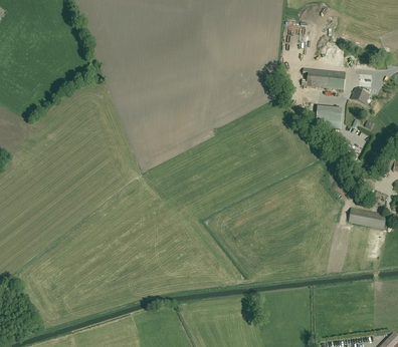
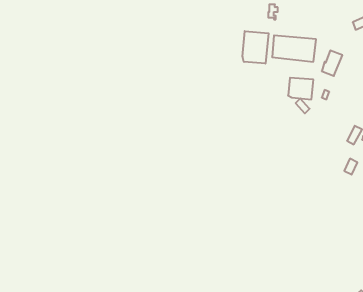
building: none -> [243,31,269,64]
building: [349,208,386,229] -> none

